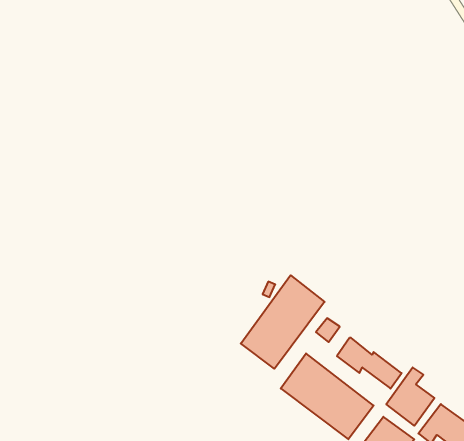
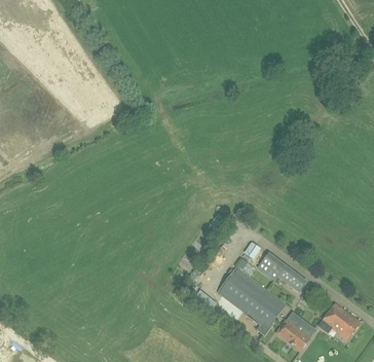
building: [241,275,325,369] -> none
building: [386,367,434,426] -> none

